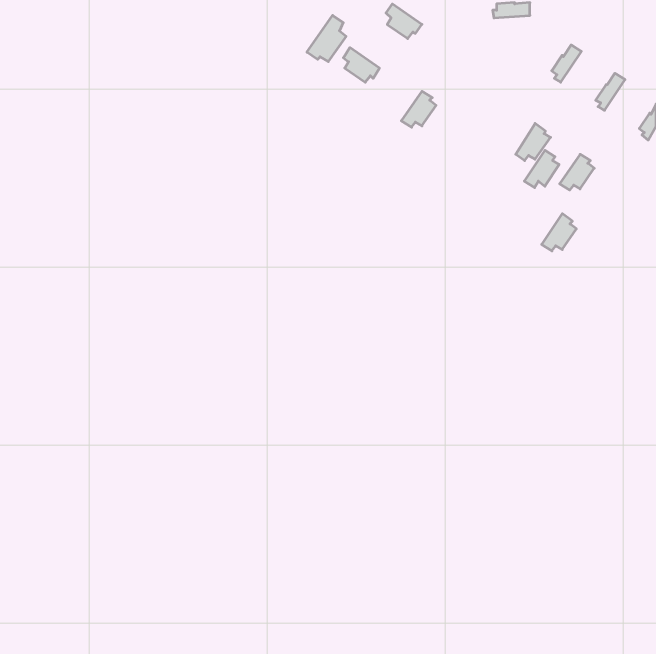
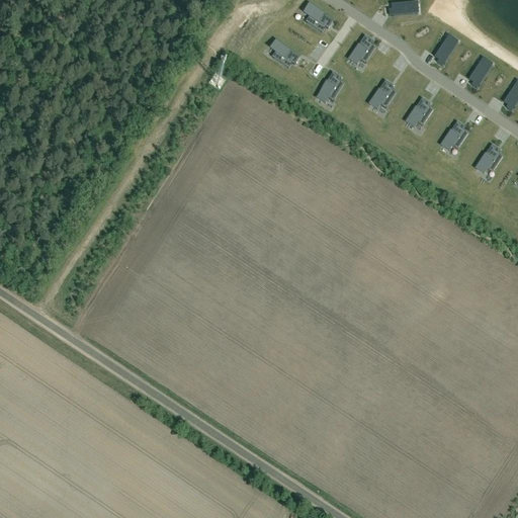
building: [307,15,346,62] -> none
building: none -> [348,34,375,64]
building: [524,150,559,188] -> [368,80,396,109]
building: [542,214,576,251] -> [474,144,502,173]

